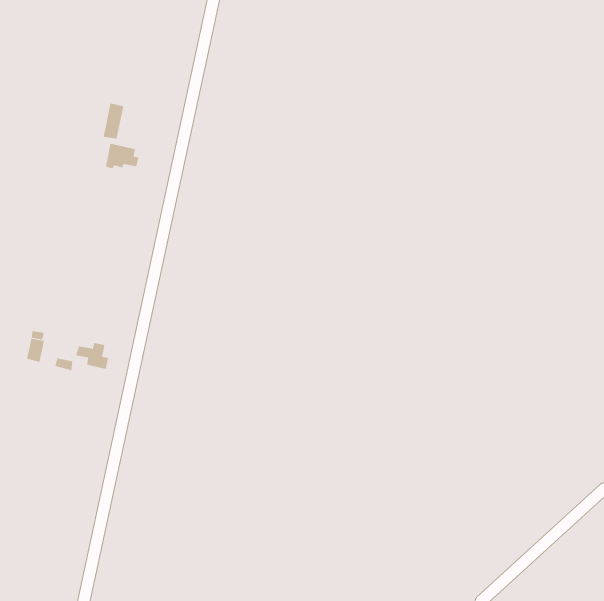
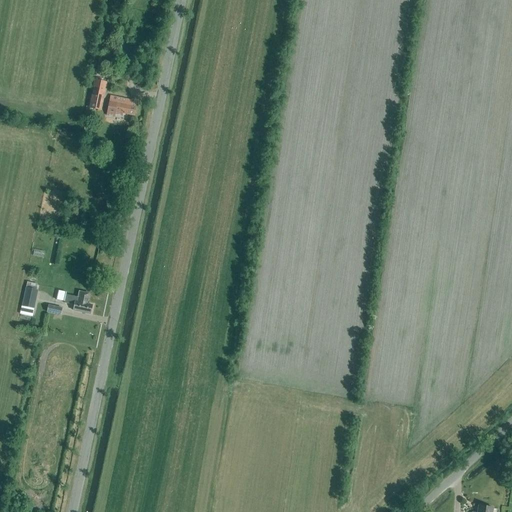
building: [105,143,139,169] -> [107,94,136,116]

